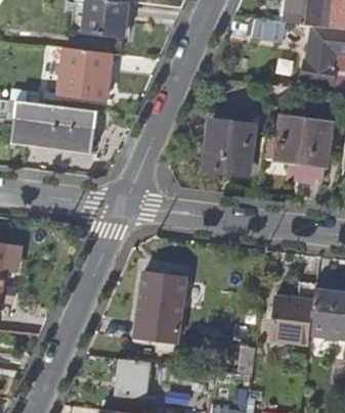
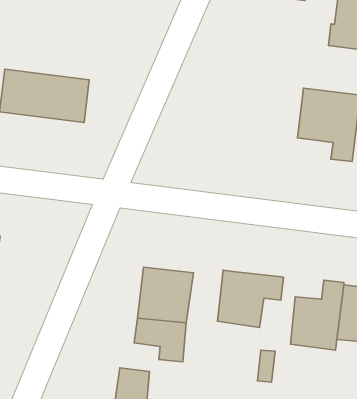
building: [57,47,111,99] -> none
building: [204,121,254,174] -> none
building: none -> [218,270,284,328]

